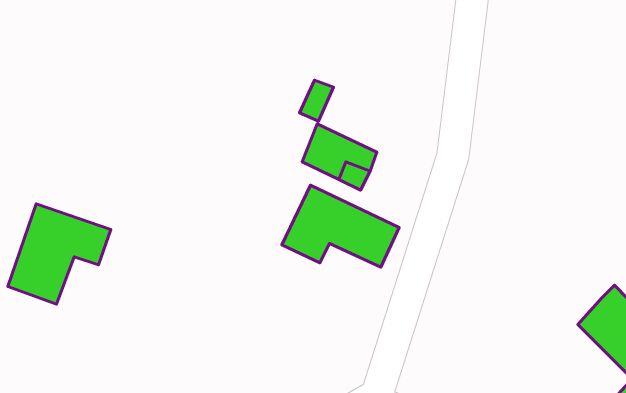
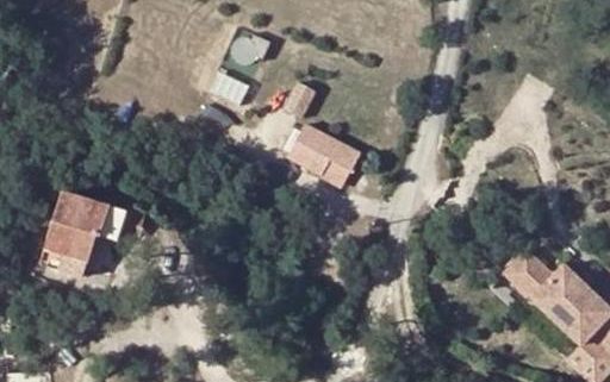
building: [282,185,399,267] -> none
building: none -> [506,250,555,299]

